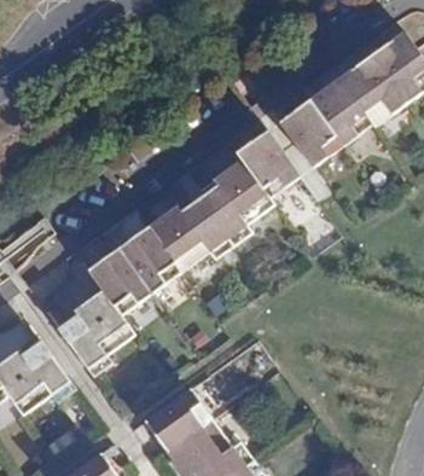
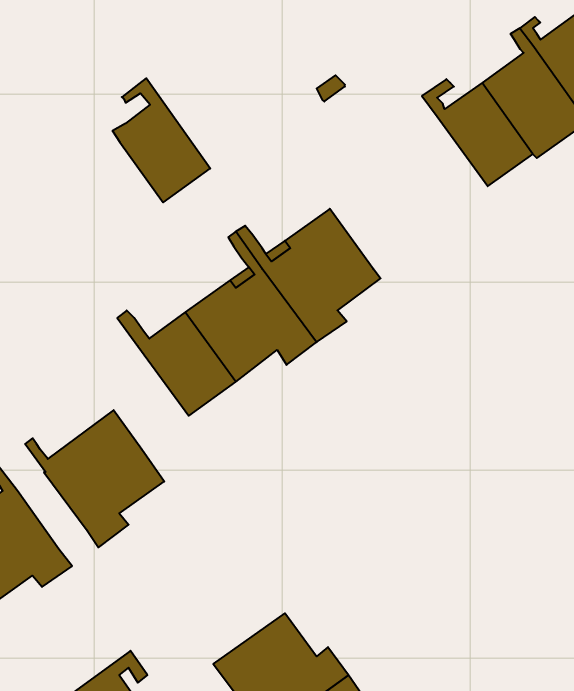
building: [272,97,343,166] -> none
building: [237,117,300,197] -> [112,78,210,202]
building: [88,228,151,313] -> none
building: [133,387,213,451] -> none

